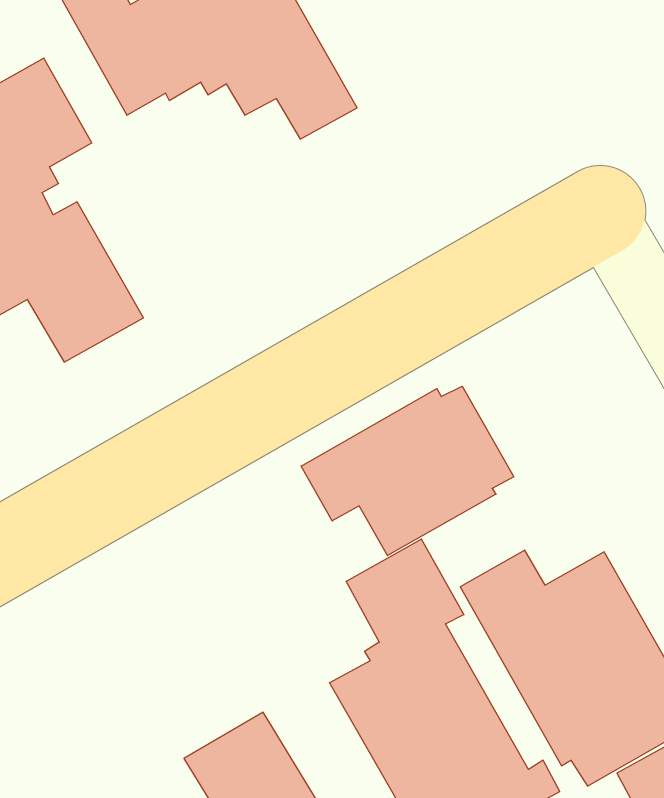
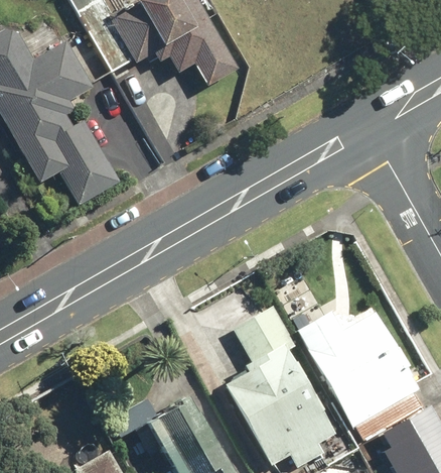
building: [301,386,514,556] -> none

